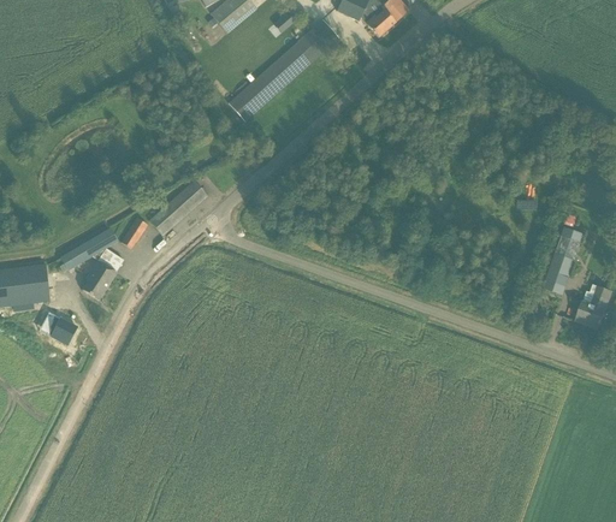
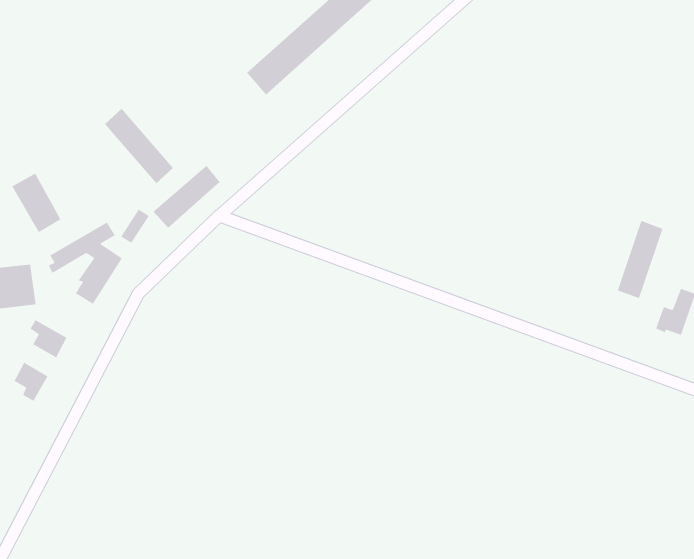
building: none -> [104,108,174,184]
building: none -> [11,173,62,233]
building: none -> [14,362,49,402]

